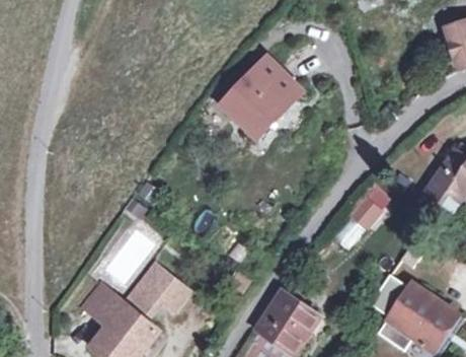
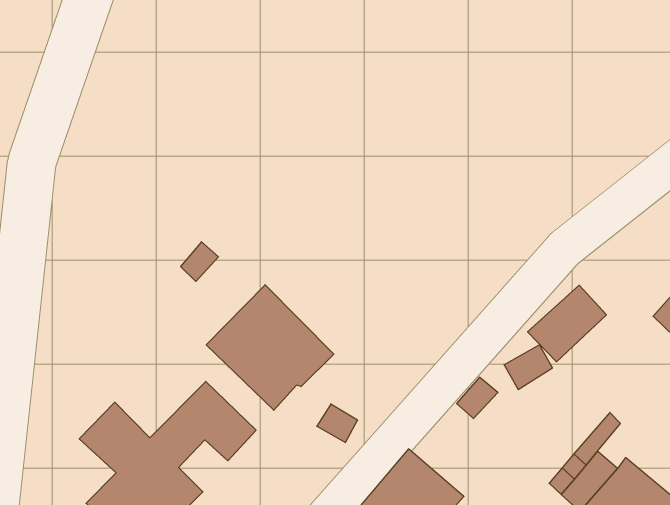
building: [221,57,295,136] -> none
building: none -> [206,285,334,410]

